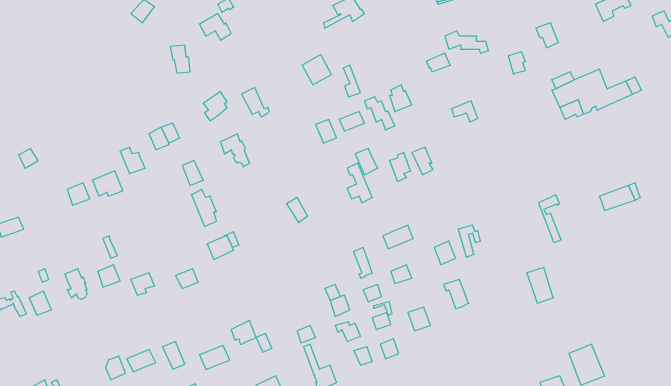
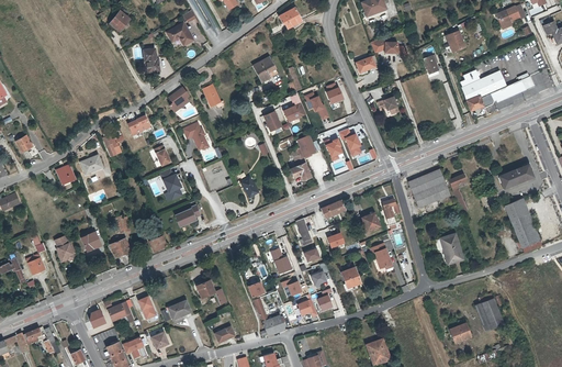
building: none -> [408,168,450,207]
building: none -> [505,199,541,248]

